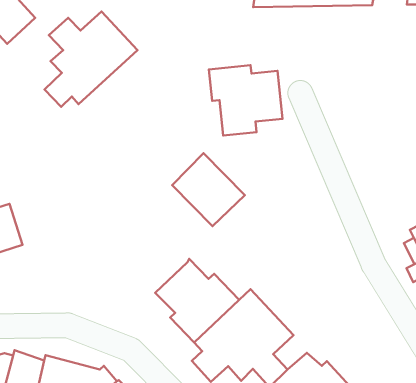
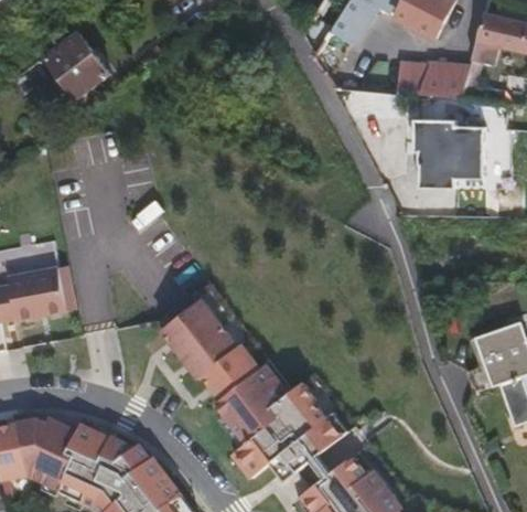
building: [44,11,137,107] -> none
building: [209,65,283,136] -> [411,115,483,185]
building: [172,153,245,226] -> [165,298,240,375]

